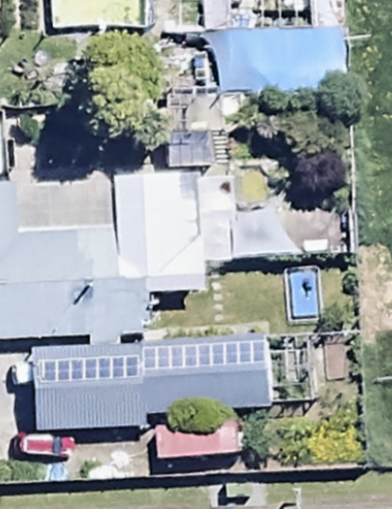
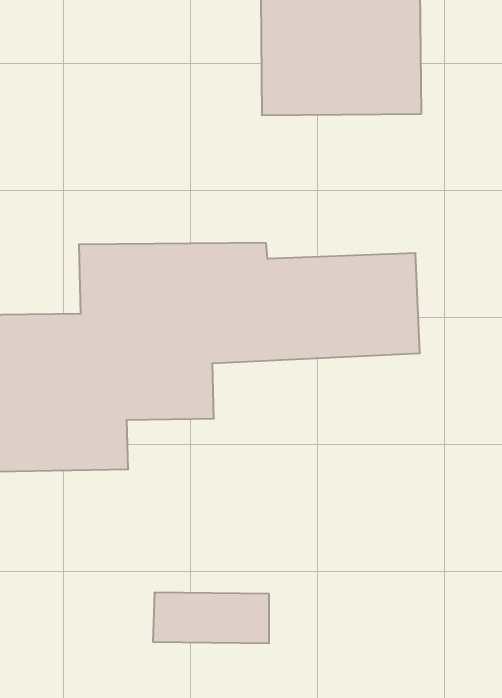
building: [65,335,248,411] -> none

